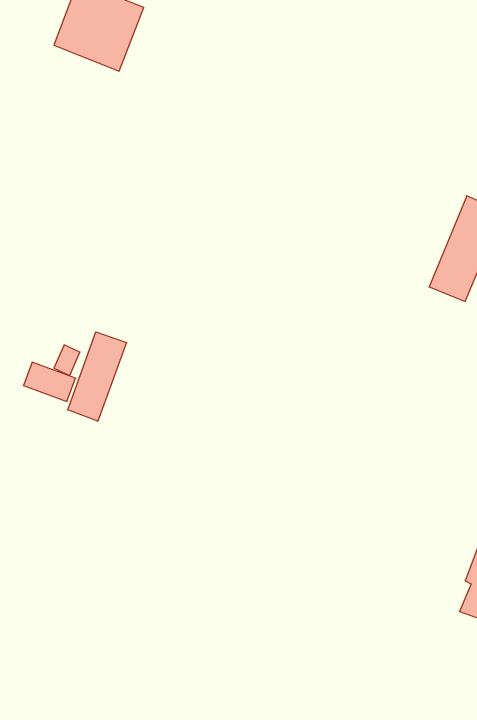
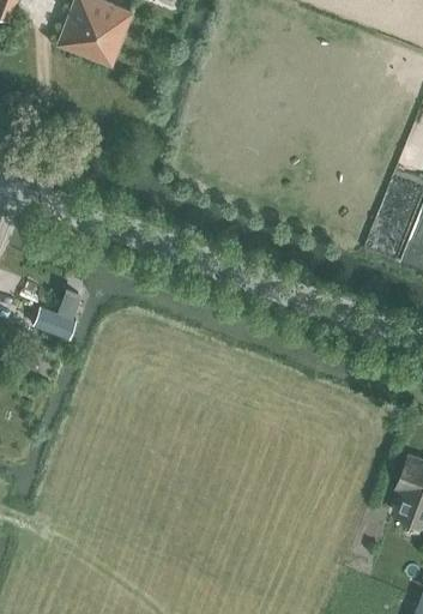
building: [68,332,127,421] -> none

